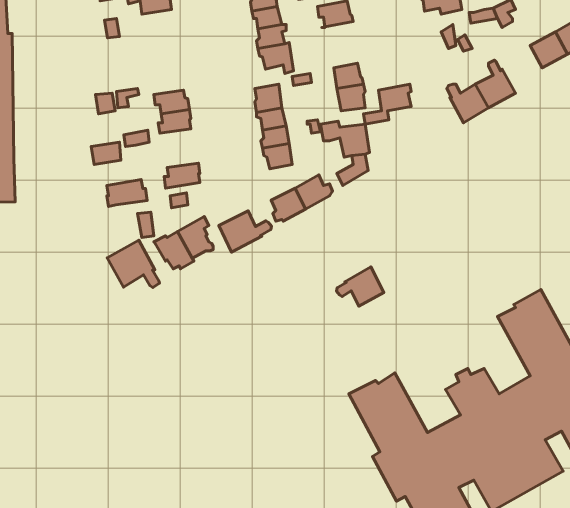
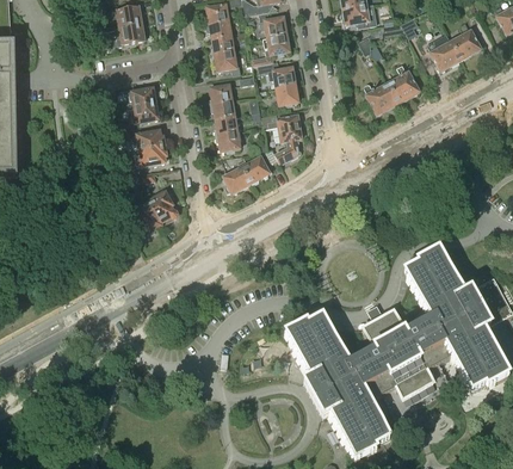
building: none -> [111,23,144,45]
building: [364,84,411,124] -> [251,32,289,64]
building: [107,180,147,206] -> [131,129,163,150]
building: [219,211,272,252] -> none
building: [107,240,160,287] -> none
building: [337,267,384,306] -> none

